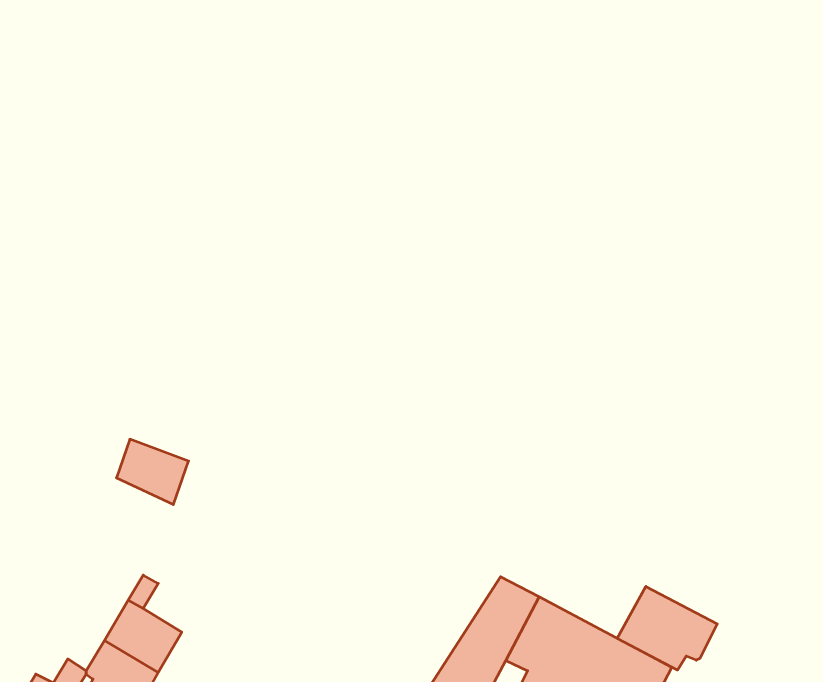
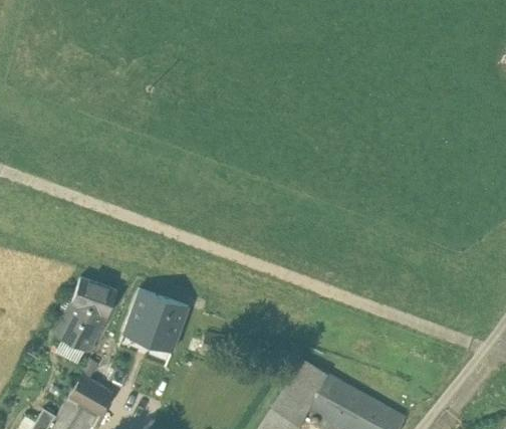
building: none -> [123,290,188,356]
building: none -> [56,301,108,353]
building: [617,586,717,670] -> none

